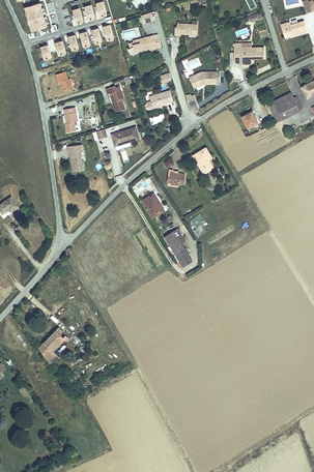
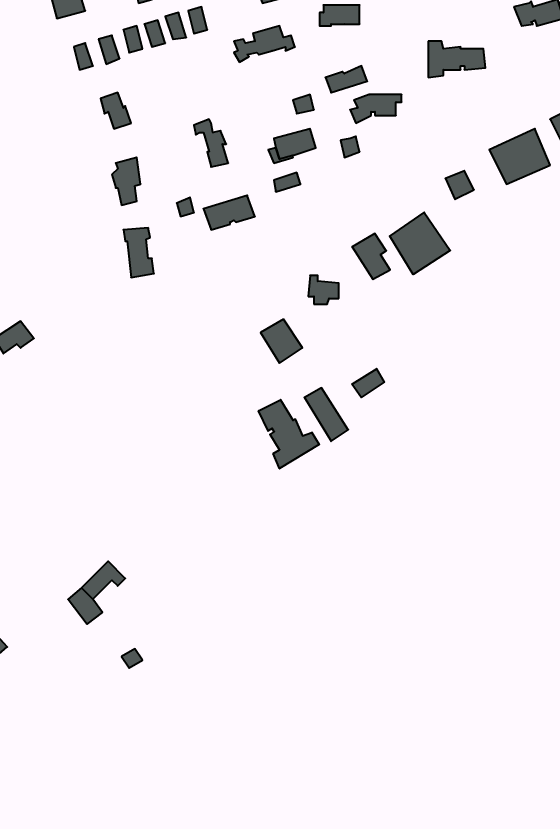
building: none -> [390,212,450,274]
building: none -> [259,400,319,469]

